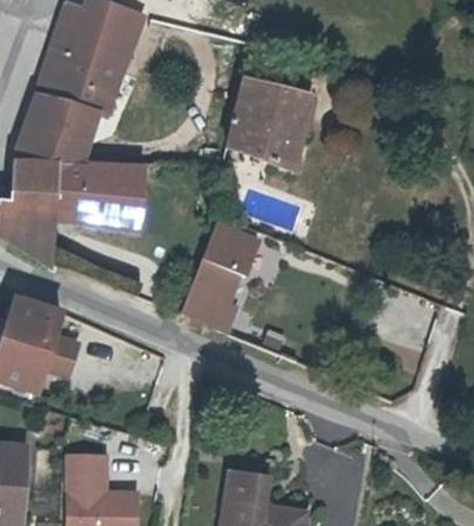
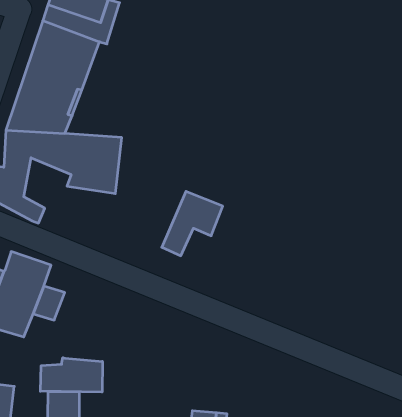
building: [228,77,315,172] -> none
building: [37,189,90,246] -> none
building: [184,268,245,328] -> none
building: none -> [40,358,102,392]

